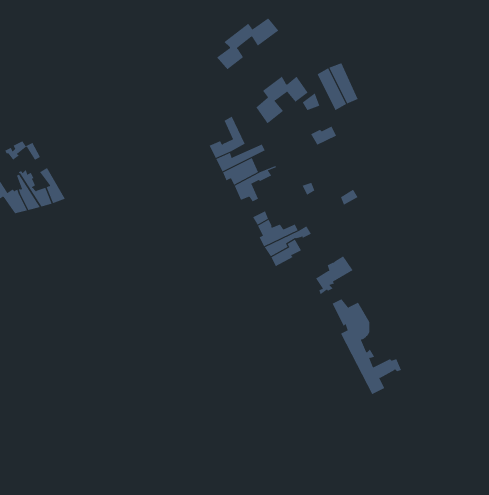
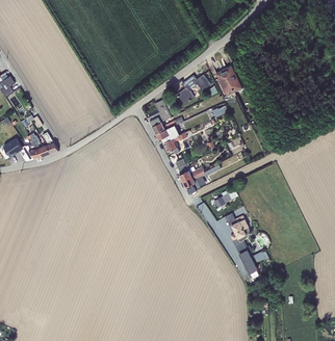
building: [216,18,279,70] -> none

